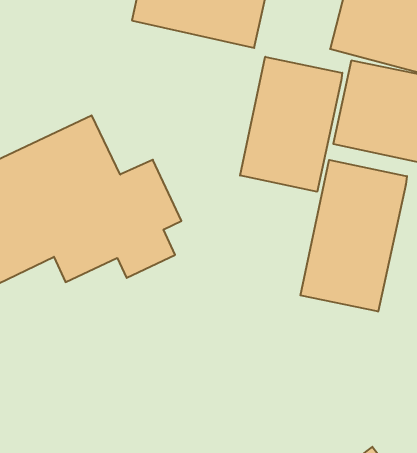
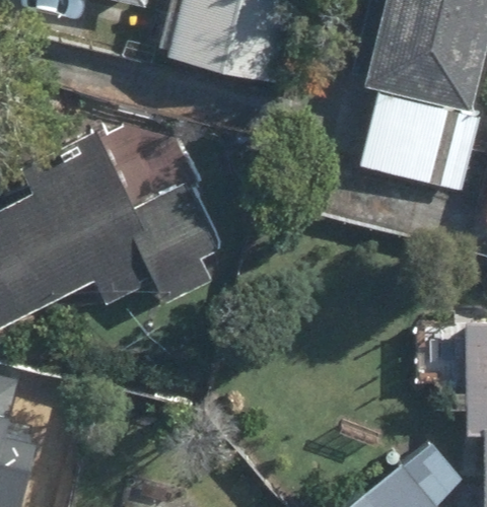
building: [240,57,342,192] -> none
building: [300,160,407,312] -> none

